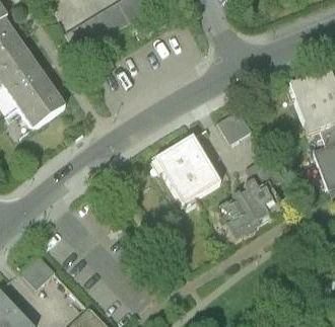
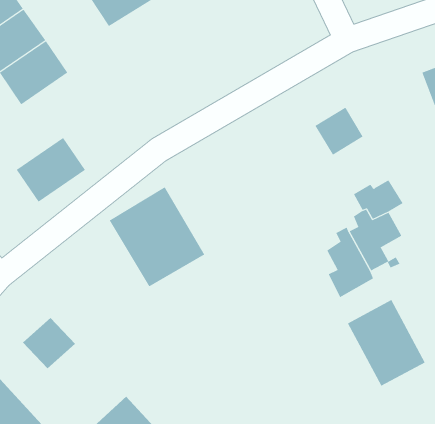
building: [16,84,64,129] -> [16,137,86,202]
building: [155,136,221,205] -> [109,186,205,287]
building: none -> [347,299,425,387]

